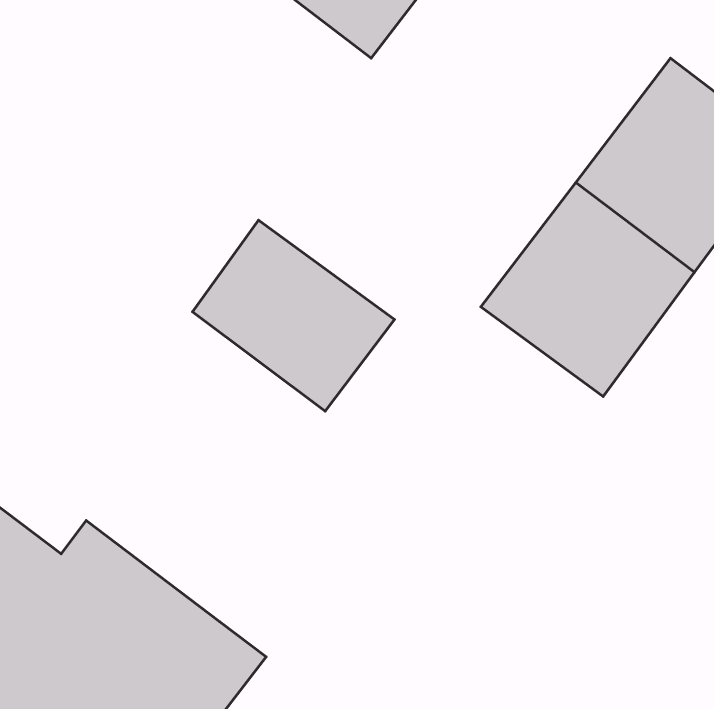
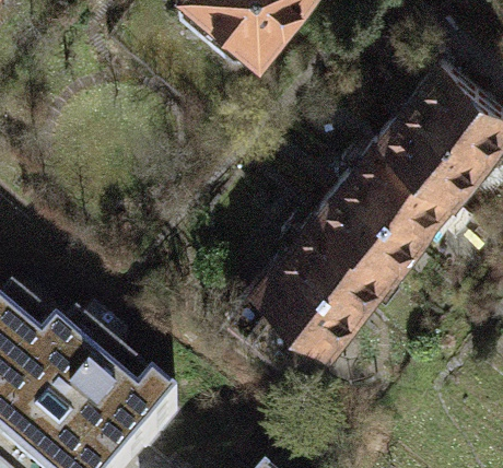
building: [192,220,394,411] -> none
building: none -> [238,209,397,347]

